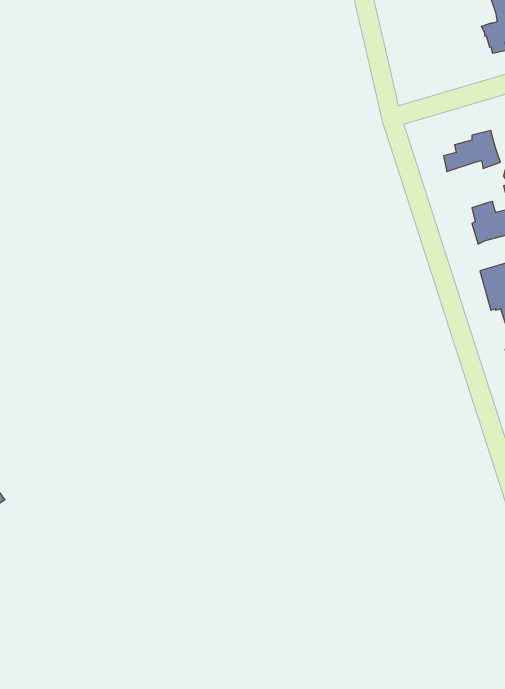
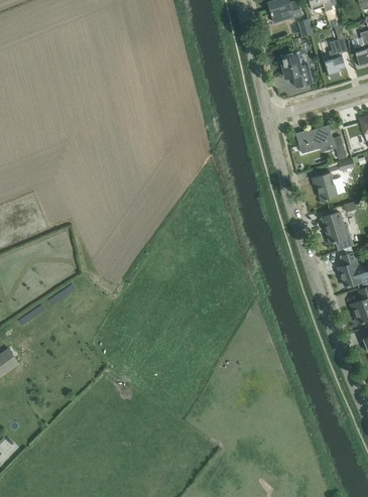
building: none -> [280,53,312,87]

